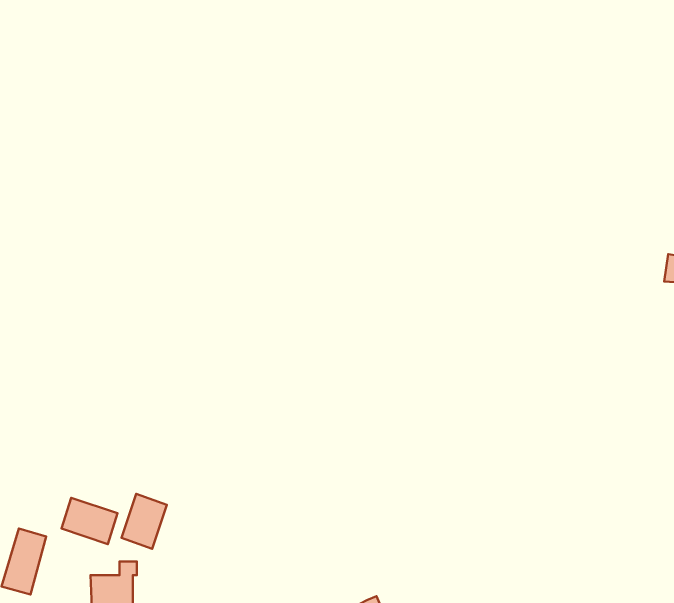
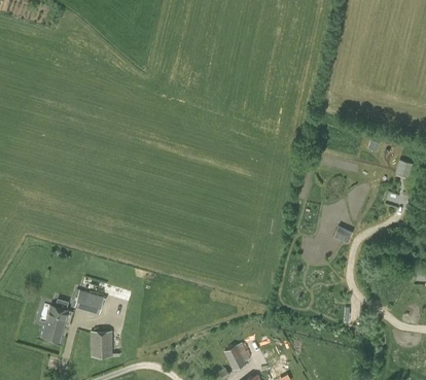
building: [121,494,167,549] -> none

